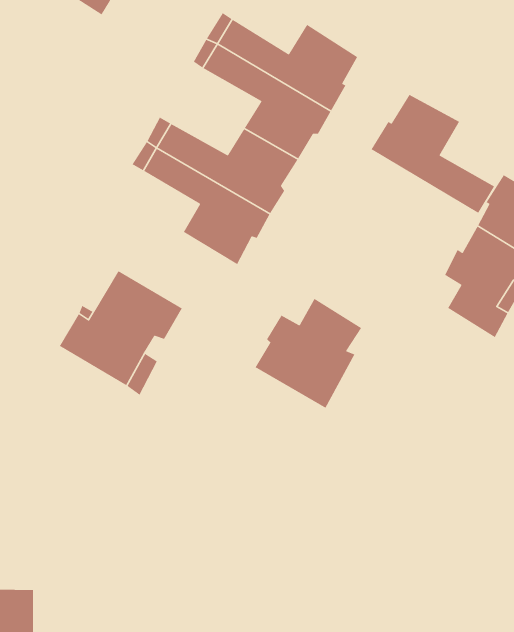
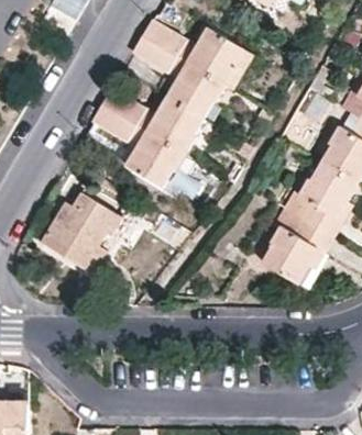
building: [370,94,495,214] -> none
building: [255,298,362,409] -> [262,216,333,290]

